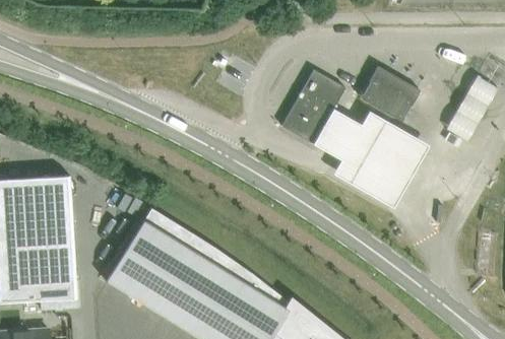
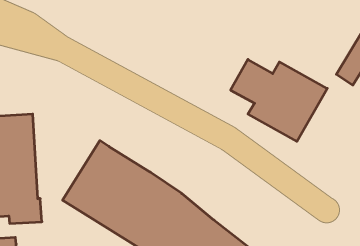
building: [360,66,420,122] -> none
building: [281,69,344,144] -> none

